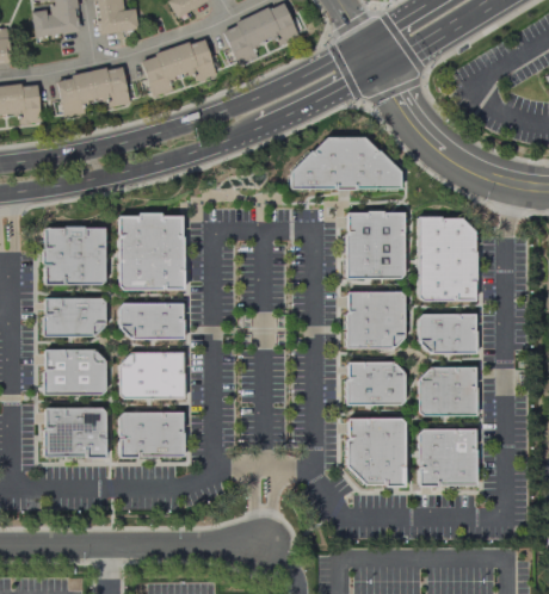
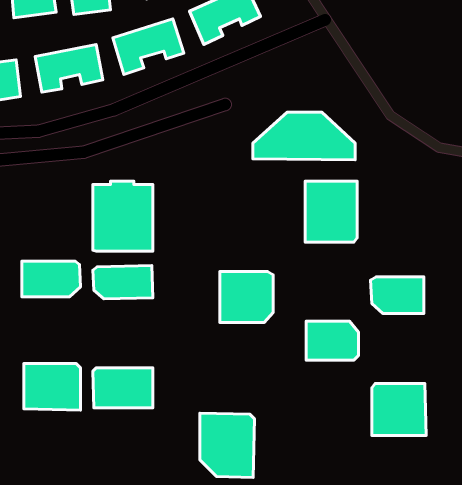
building: [419,218,475,301] -> none
building: [45,229,106,285] -> none
building: [347,292,405,347] -> [220,271,273,322]
building: [45,349,106,394] -> none
building: [119,352,184,398] -> none
building: [419,367,475,415] -> none
building: [347,417,406,487] -> [200,413,254,478]

